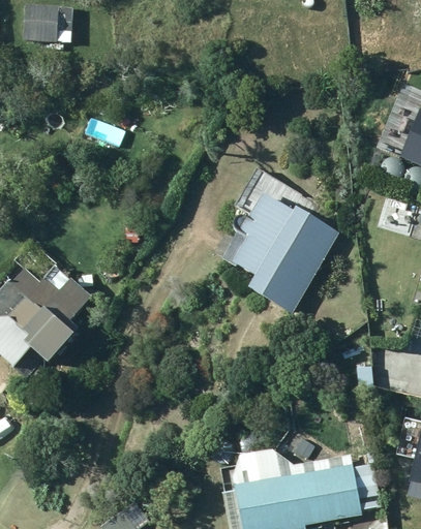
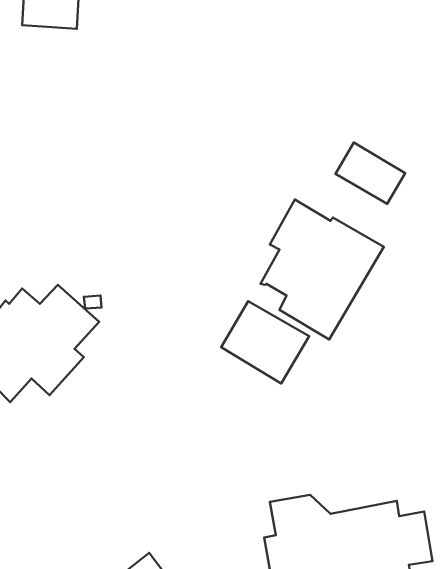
building: none -> [335,142,405,204]
building: none -> [221,301,309,384]

